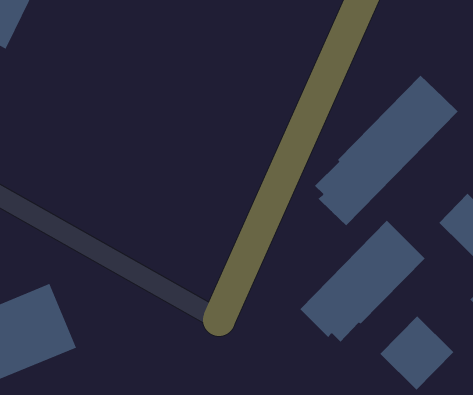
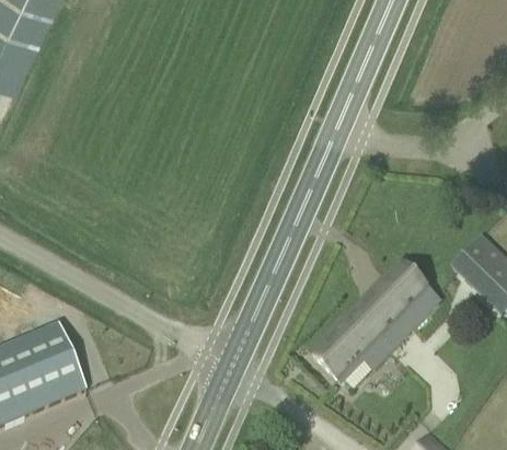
building: [314,75,459,226] -> none
building: [379,315,454,391] -> none

